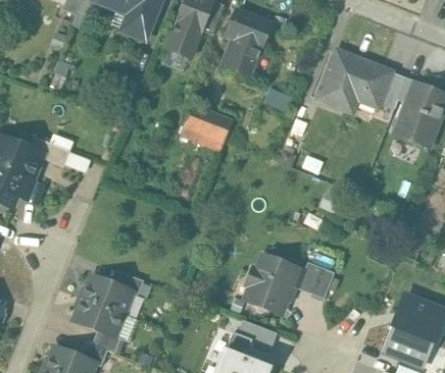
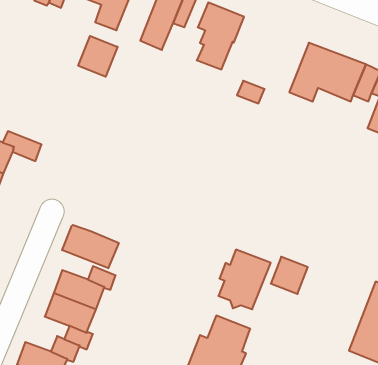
building: none -> [78,36,118,77]
building: [183,105,232,142] -> none
building: none -> [62,225,119,268]

